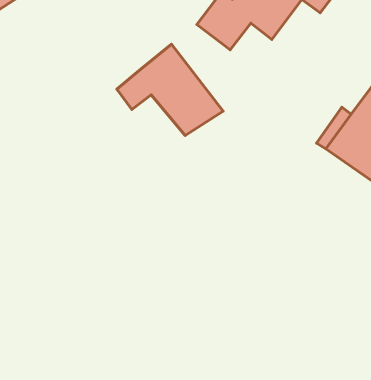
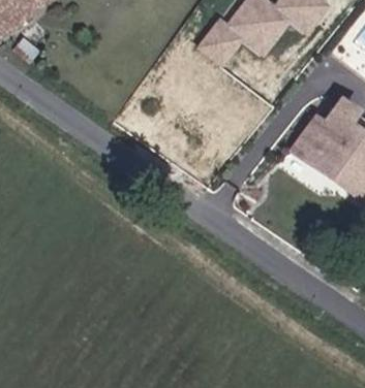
building: [117,44,223,136] -> none

